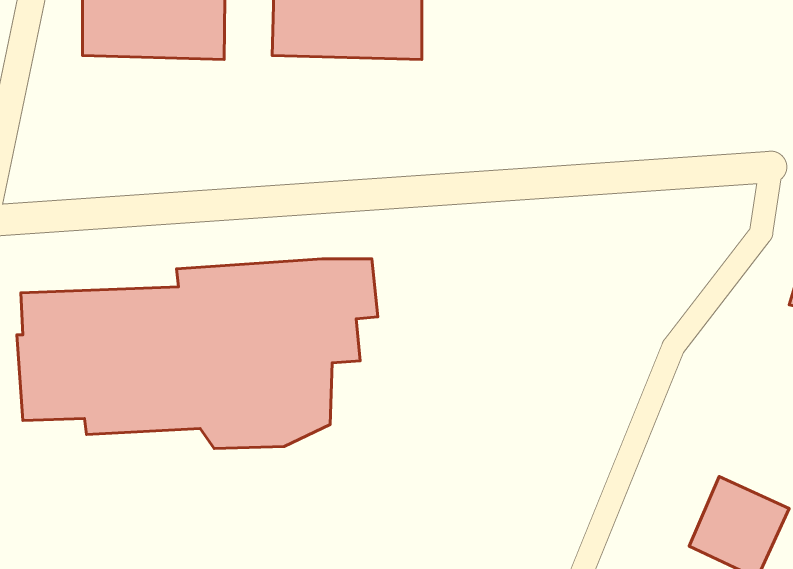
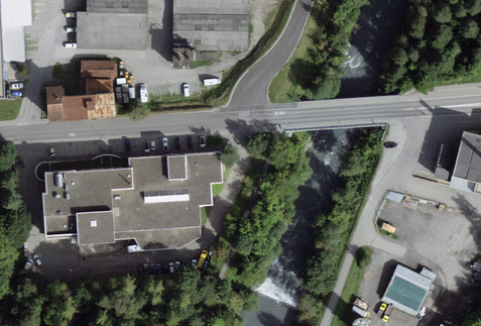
building: none -> [46,58,118,120]

